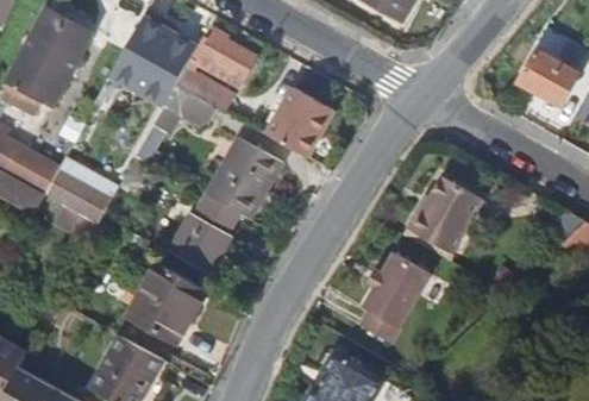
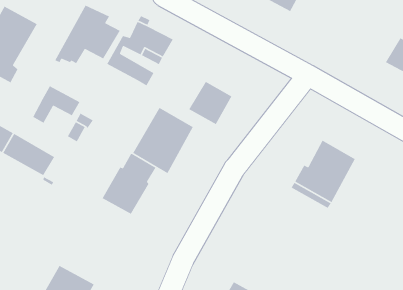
building: [153,83,213,131] -> [32,85,80,124]
building: [361,253,431,344] -> none
building: [125,259,206,342] -> none

